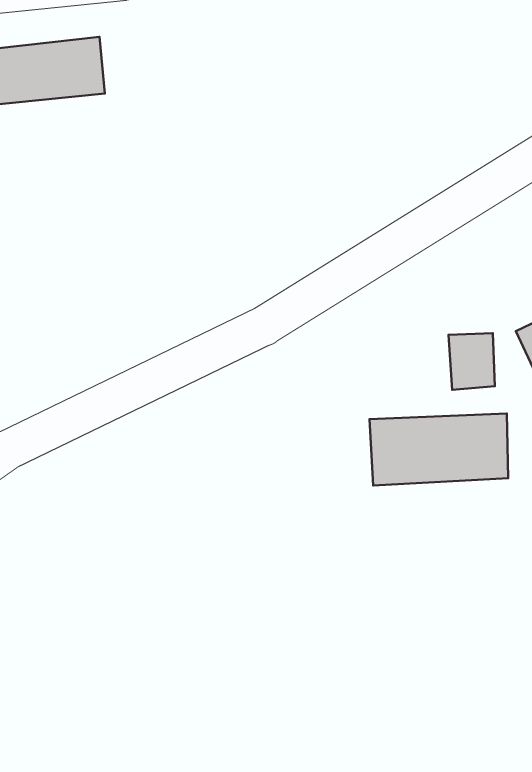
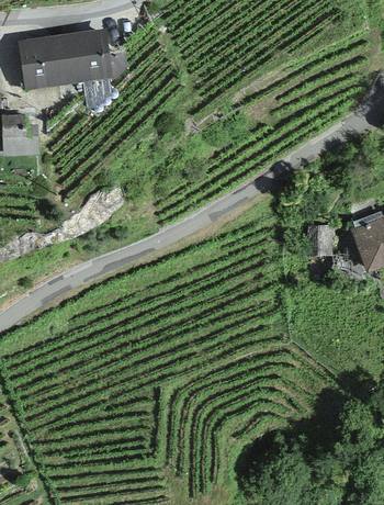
building: [369,414,508,485] -> none

